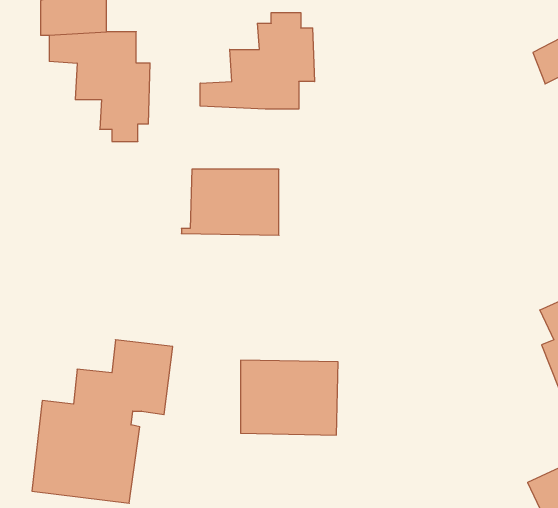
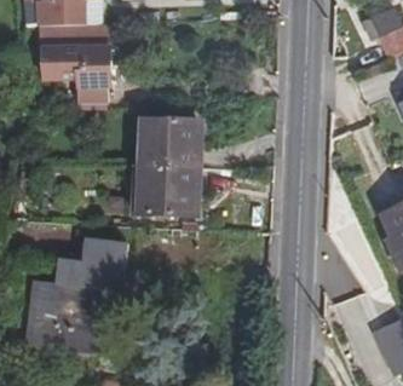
building: [200,13,315,109] -> none
building: [241,360,338,435] -> [133,163,201,215]

